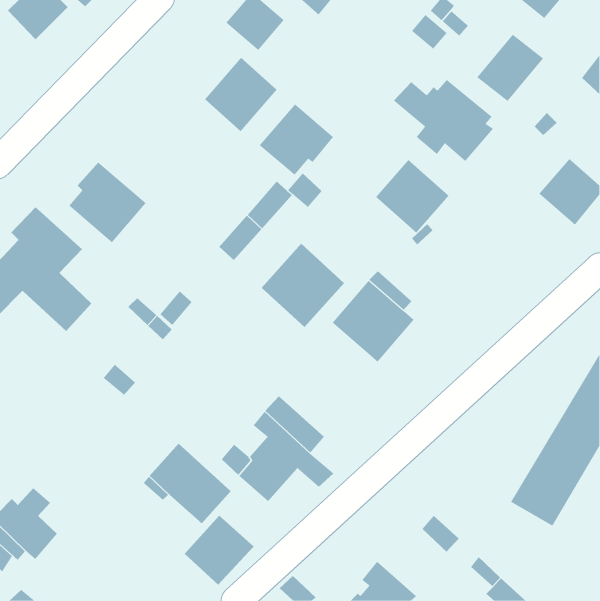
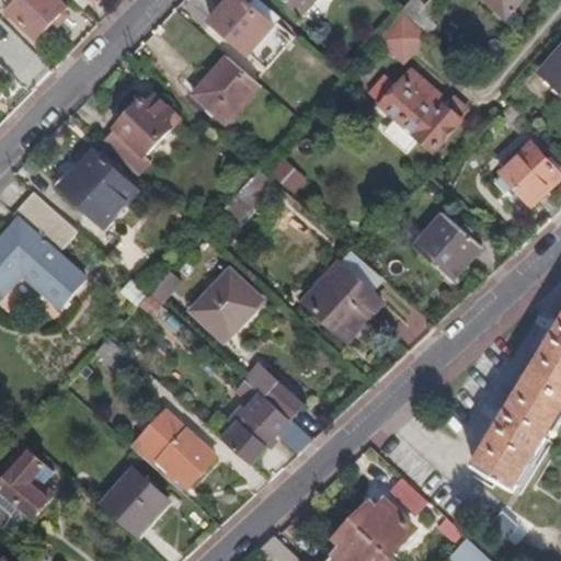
building: [476,34,544,102] -> none
building: none -> [99,94,170,173]
building: [259,103,334,176] -> none
building: [375,159,449,234] -> [412,211,481,280]
building: [261,243,345,328] -> [193,271,271,350]
building: [184,515,255,586] -> [100,469,165,535]
building: none -> [350,502,409,553]

